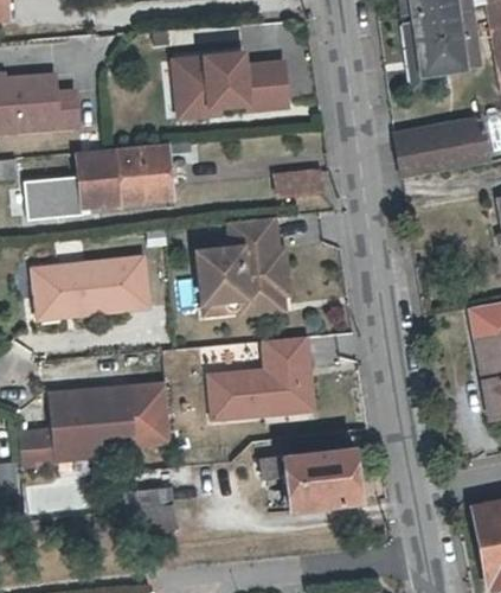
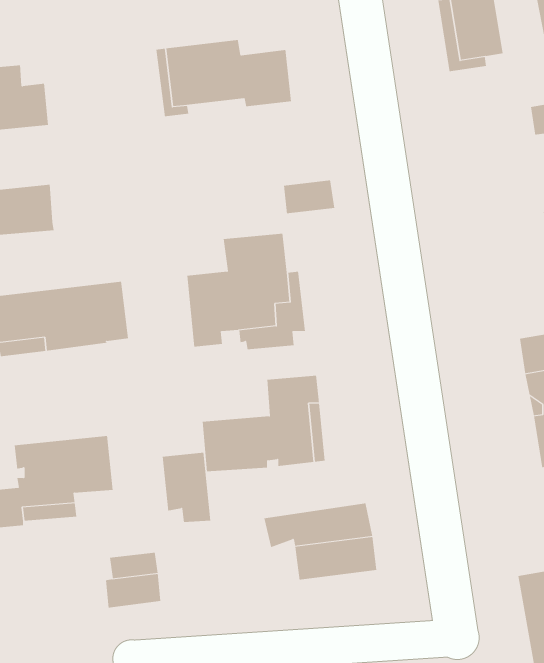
building: [396,121,492,179] -> none
building: [79,146,173,206] -> none
building: [129,383,171,442] -> [162,452,211,522]

